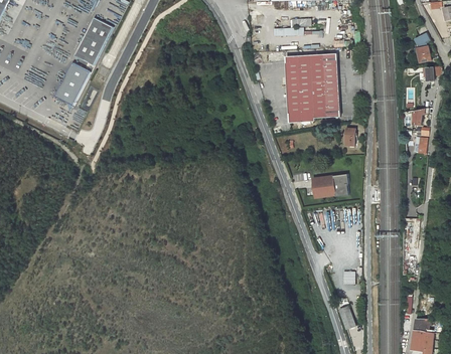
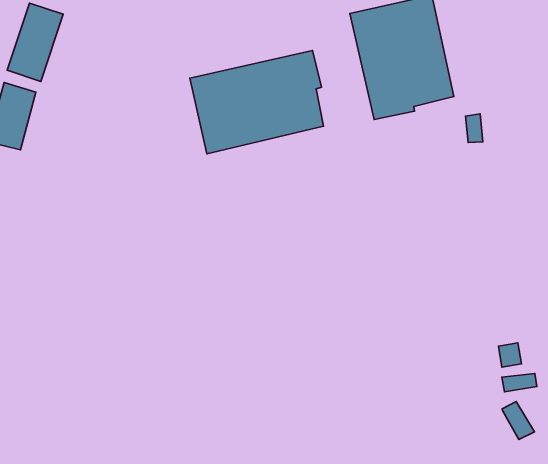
building: none -> [190,50,324,154]
building: [313,175,335,197] -> none

